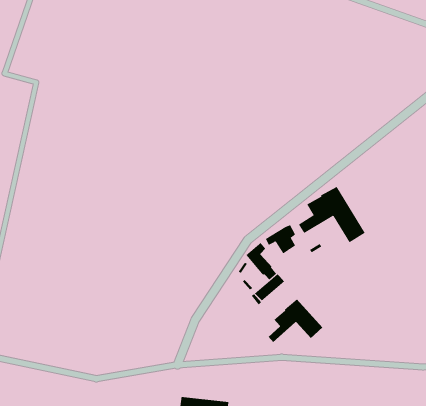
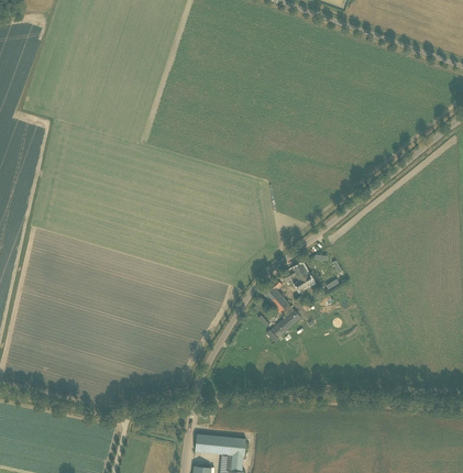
building: [298,186,365,243] -> none
building: [268,299,323,343] -> none

